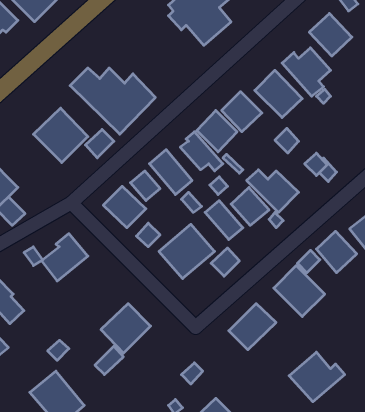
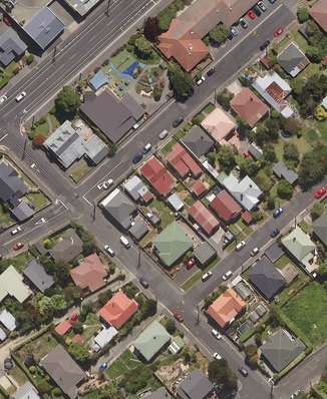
building: none -> [69,252,108,291]
building: none -> [21,257,57,293]
building: none -> [133,320,173,359]

